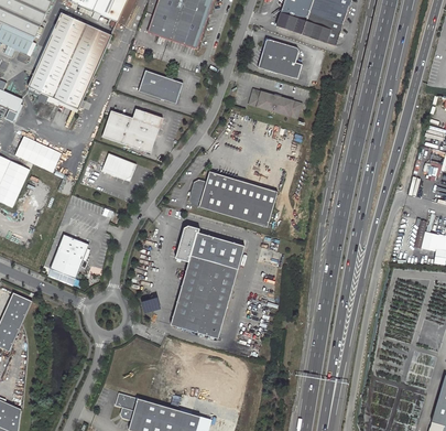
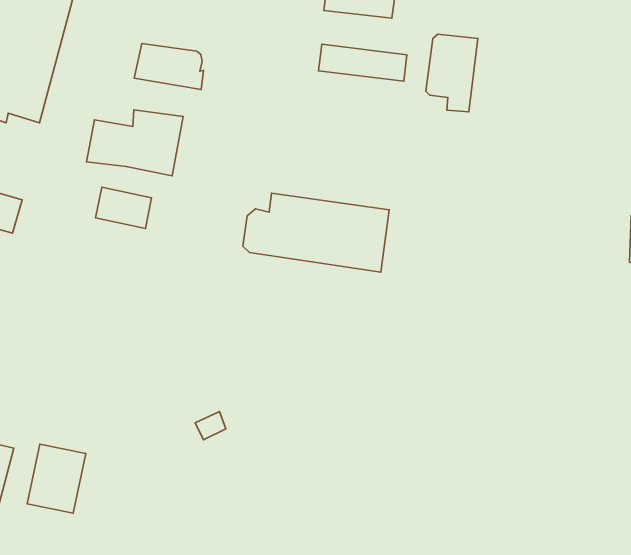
building: none -> [426,34,478,112]
building: [170,225,243,341] -> none
building: [50,234,89,278] -> [27,444,86,513]

